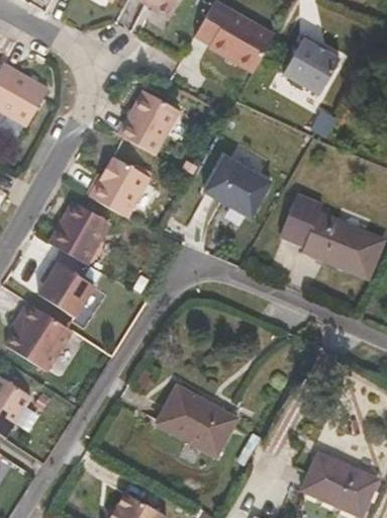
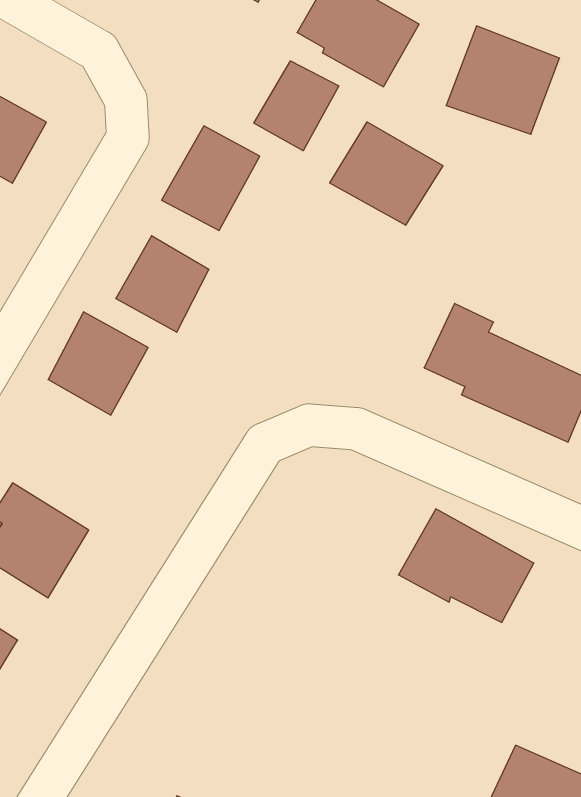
building: none -> [254,61,339,151]
building: [199,149,267,210] -> [330,122,443,225]
building: [39,260,95,318] -> none
building: [165,394,246,461] -> [398,509,534,622]

